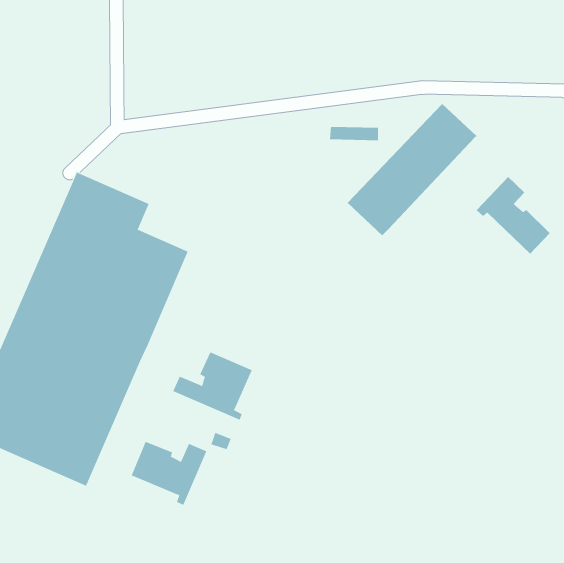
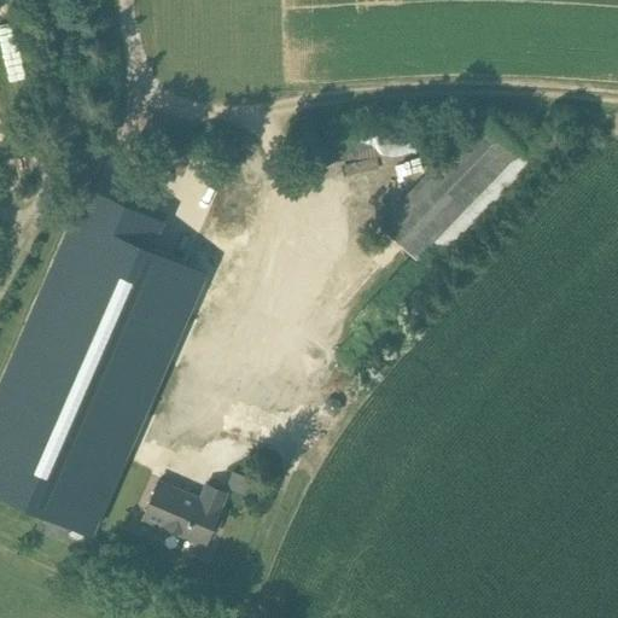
building: [476,176,551,254] -> none
building: [172,352,253,420] -> none

